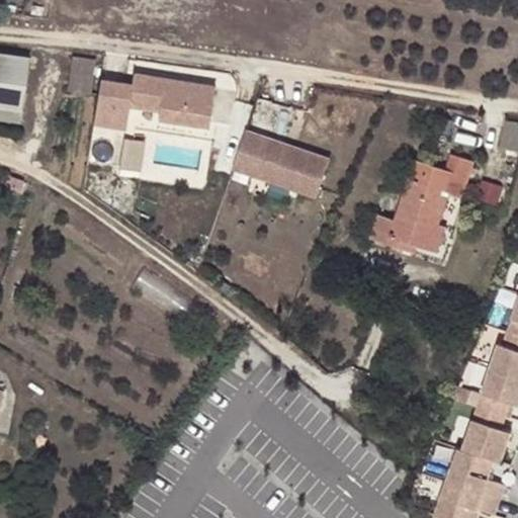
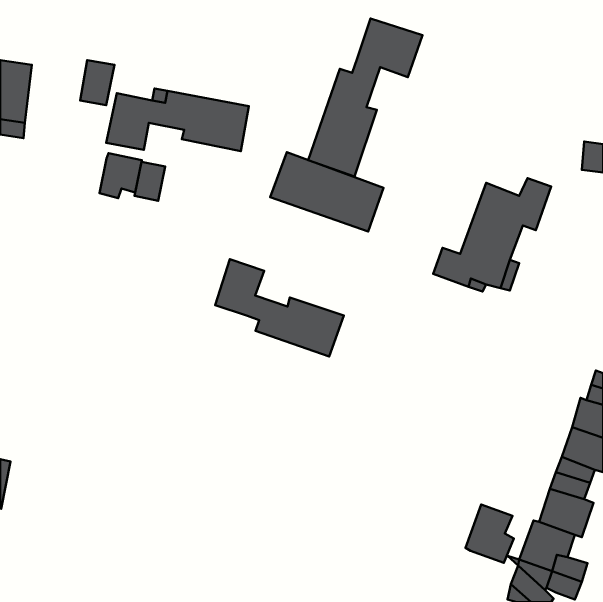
building: none -> [308,19,423,176]
building: none -> [99,153,142,198]
building: none -> [215,259,344,357]
building: none -> [465,504,514,563]

